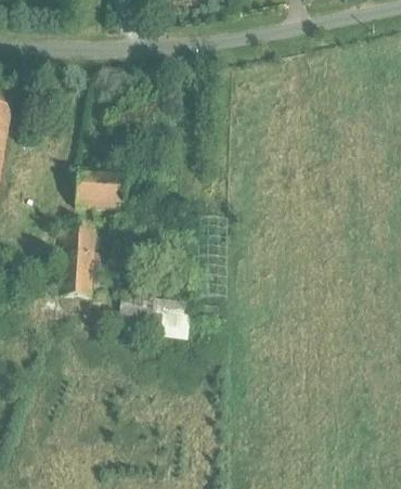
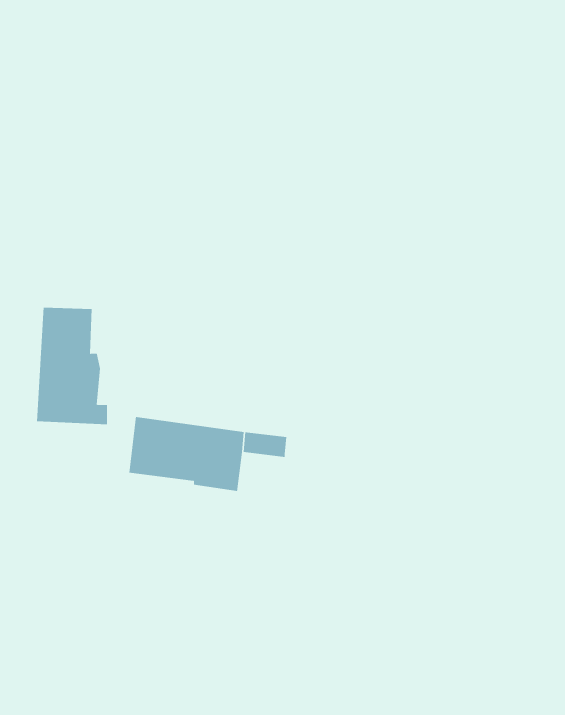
building: [75,168,126,208] -> none

